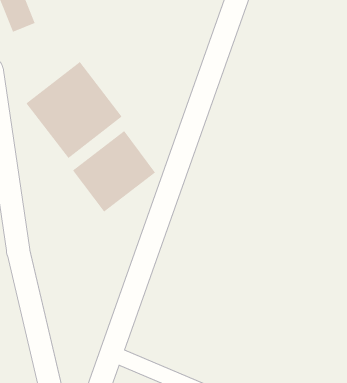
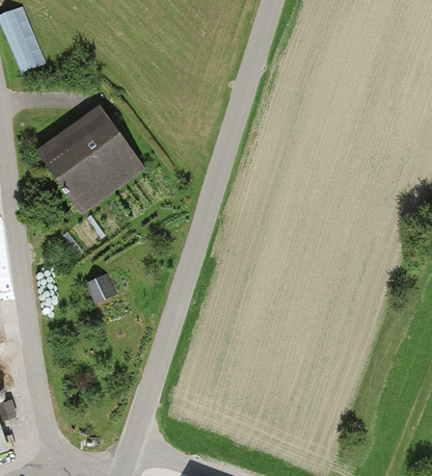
building: [72,130,156,212] -> none

